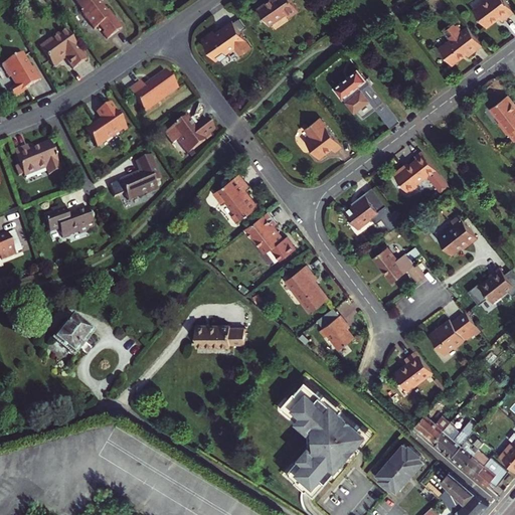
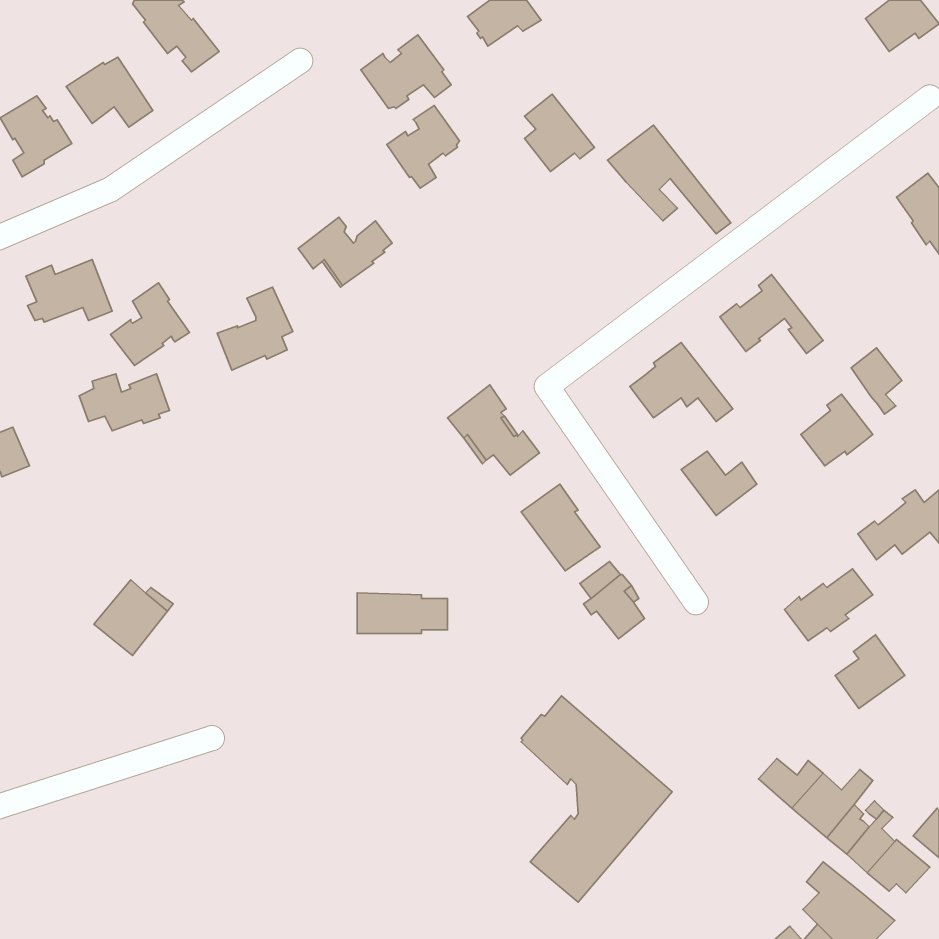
building: [439,25,481,66] -> none
building: none -> [387,105,460,188]
building: [127,72,175,114] -> none
building: [82,104,126,149] -> [110,283,190,366]
building: [304,118,342,160] -> [525,94,595,172]
building: [213,175,254,223] -> none
building: none -> [851,348,902,414]
building: [394,351,433,391] -> [835,635,905,709]
building: [378,445,424,492] -> none

